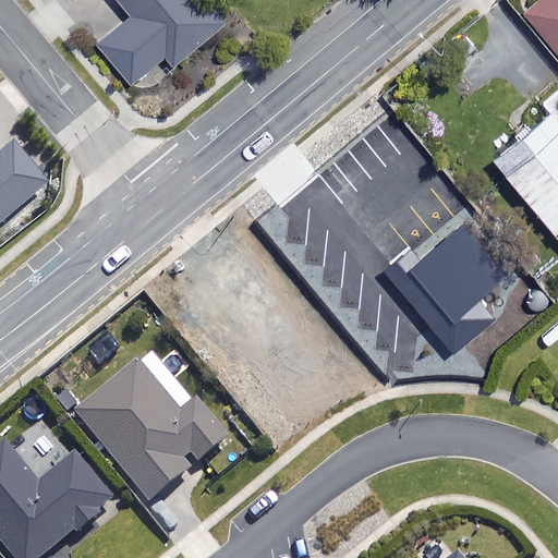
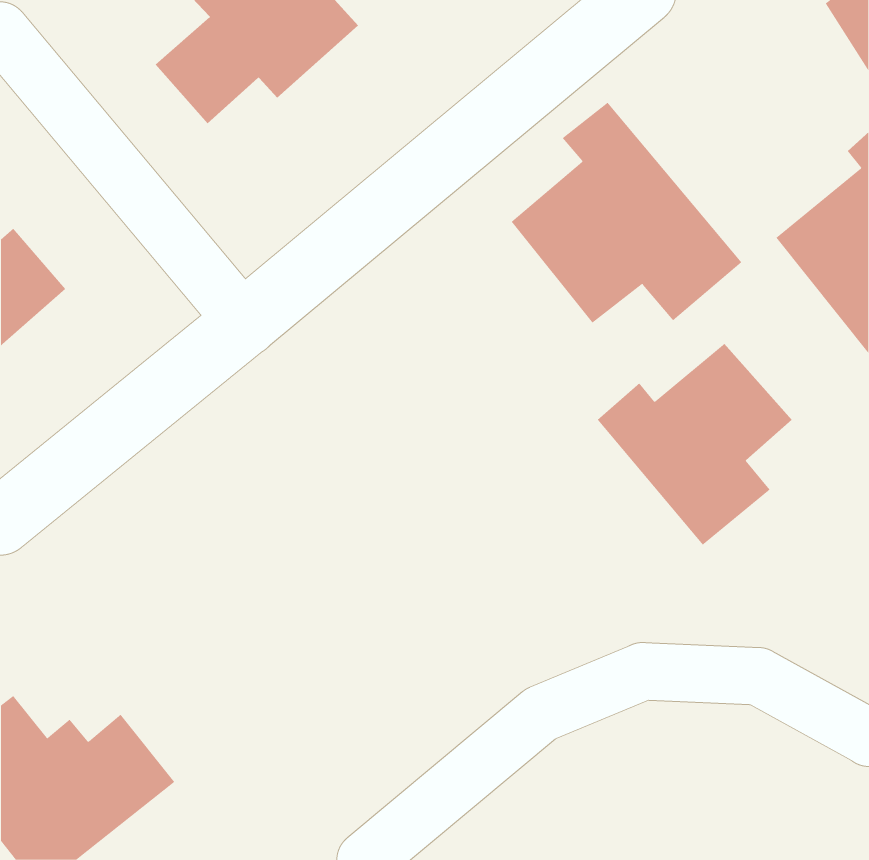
building: none -> [511,102,742,323]
building: [78,364,231,505] -> none

